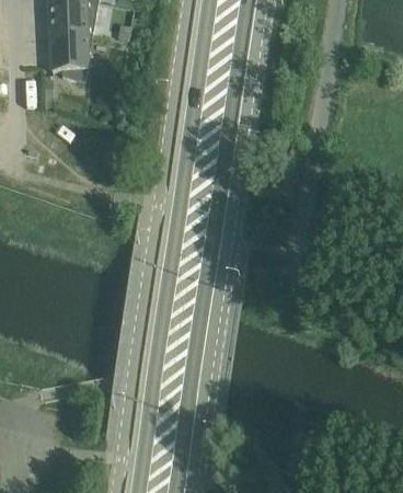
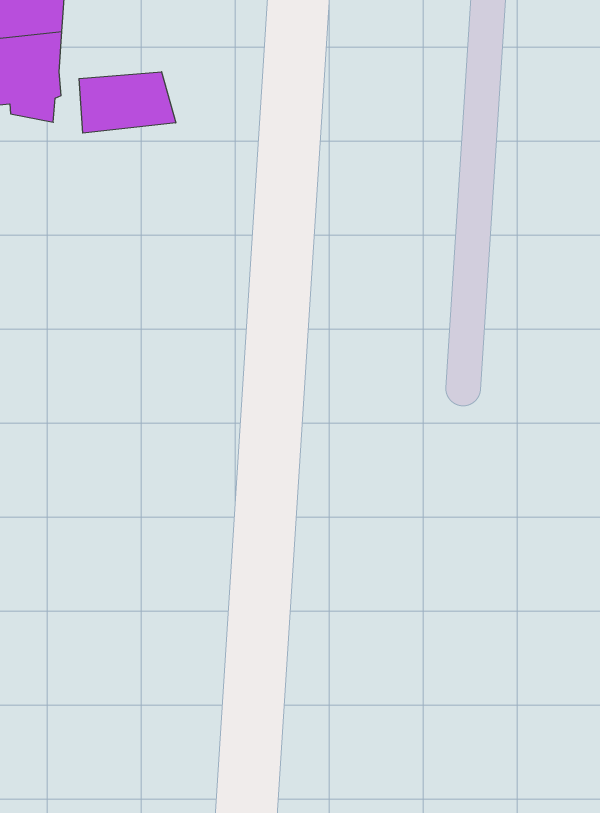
building: none -> [79,72,176,133]

